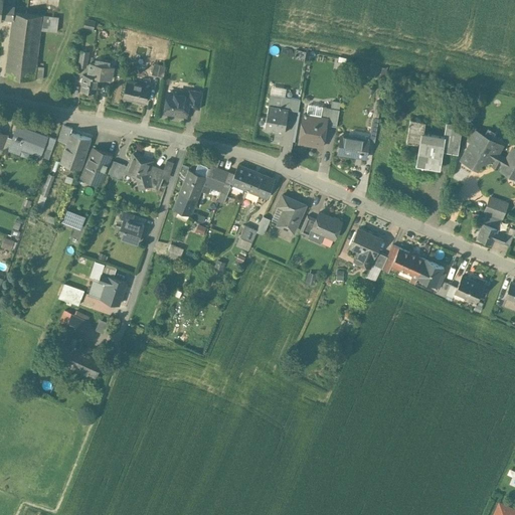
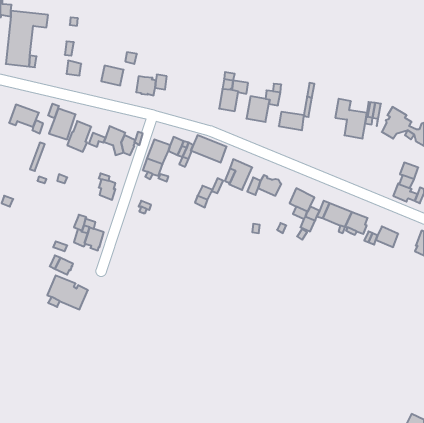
building: [88,62,115,80] -> none

